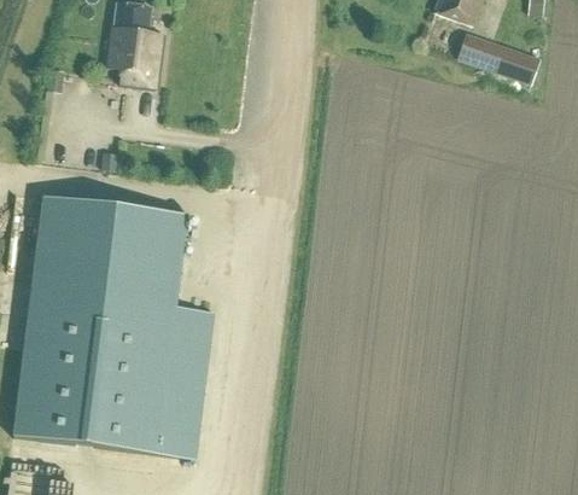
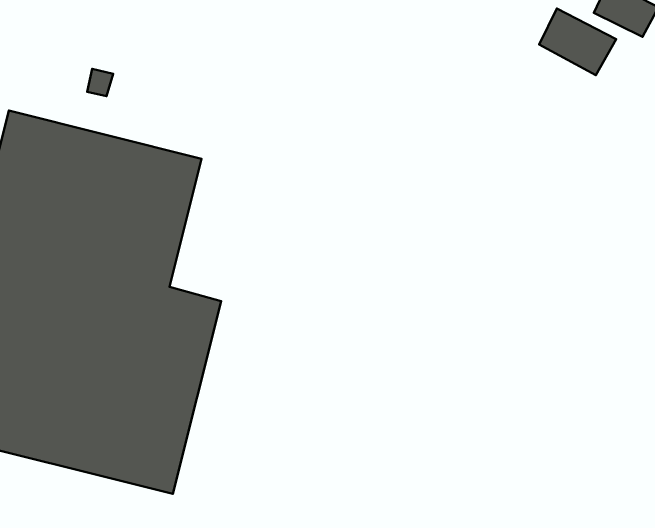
building: none -> [539,8,616,75]

